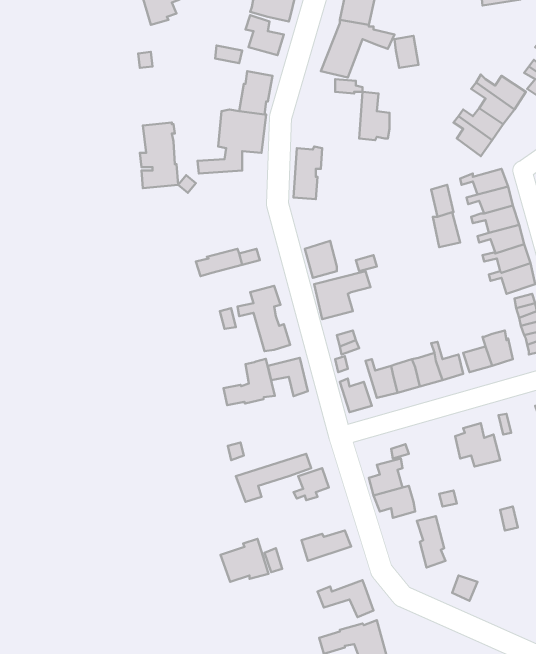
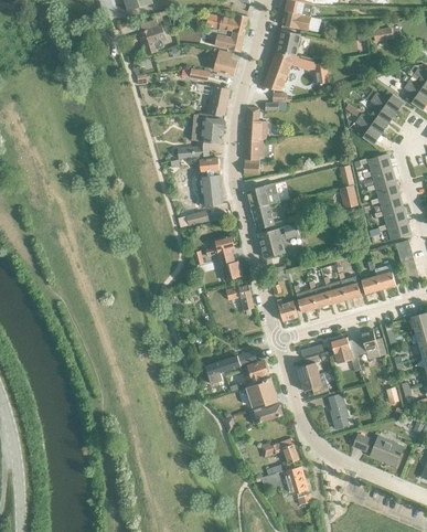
building: [359,92,390,140] -> [246,108,267,141]
building: [140,122,178,188] -> [196,158,223,203]
building: none -> [246,183,279,210]
building: [223,359,275,405] -> none
building: none -> [331,338,359,363]
building: [221,539,269,582] -> [246,377,279,407]
building: none -> [370,437,404,464]

